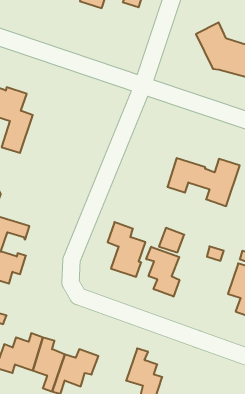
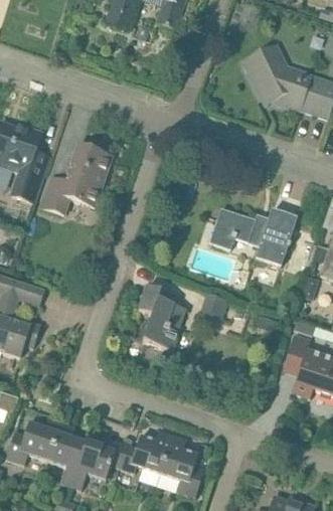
building: none -> [42,144,112,213]
building: [146,247,179,297] -> none
building: none -> [119,431,173,474]

